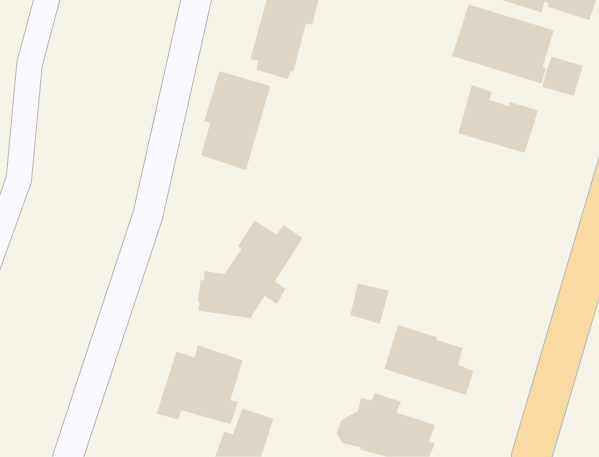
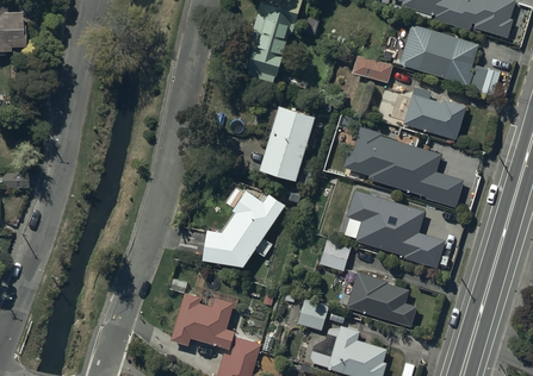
building: none -> [352,54,392,82]
building: [200,71,271,171] -> [260,105,315,182]
building: none -> [343,126,464,207]
building: none -> [348,190,445,268]
building: none -> [298,299,329,330]

